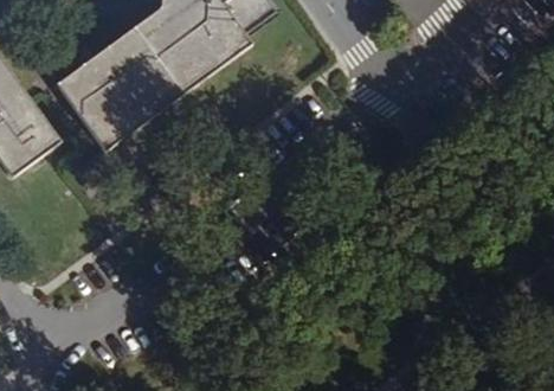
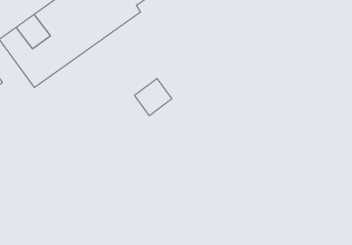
building: none -> [135,78,172,116]

